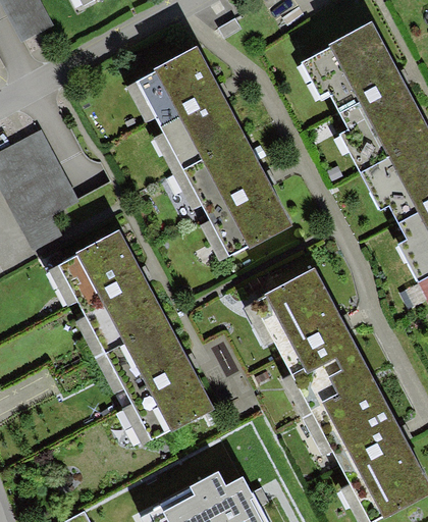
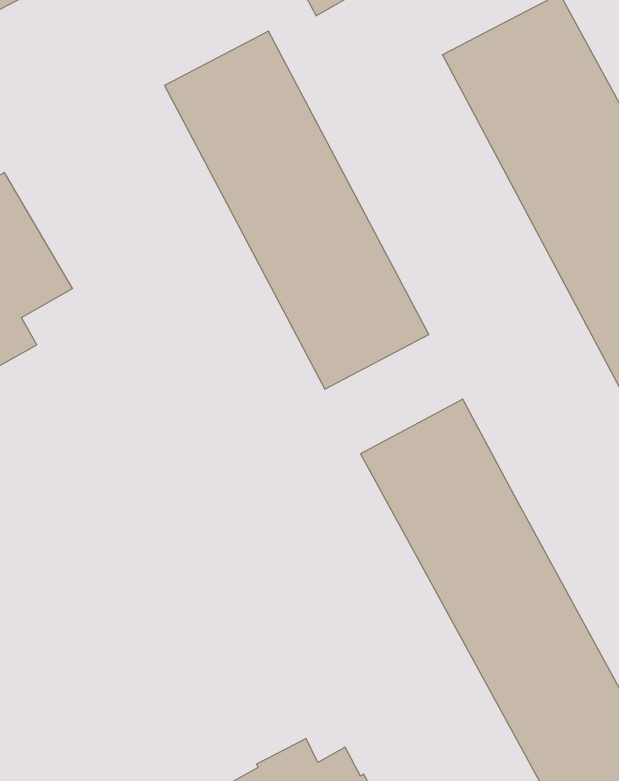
building: [58,229,211,433] -> none

